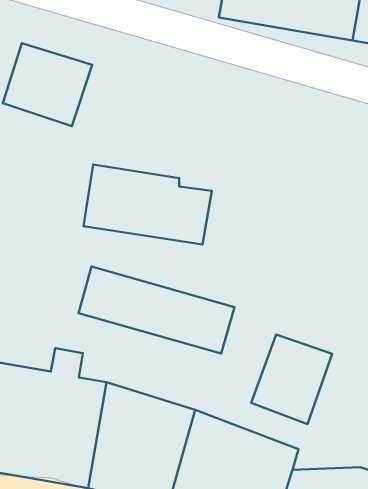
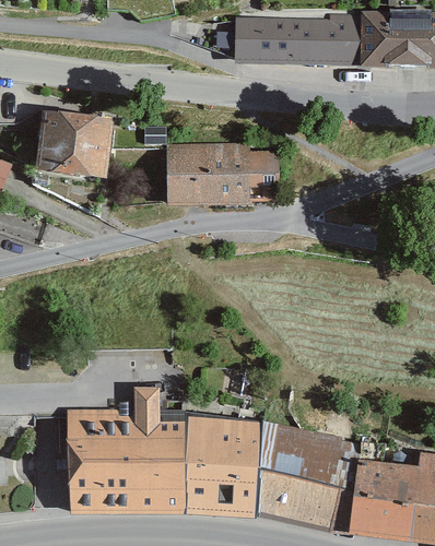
building: [84,164,212,244] -> [167,144,280,203]
building: [78,267,235,354] -> none
building: [251,334,332,424] -> none

